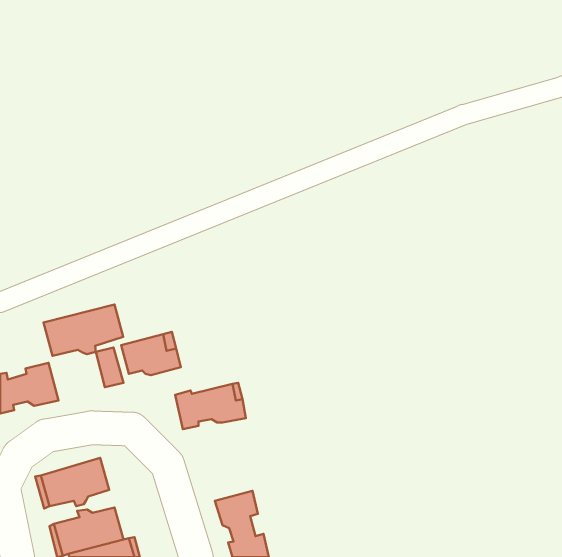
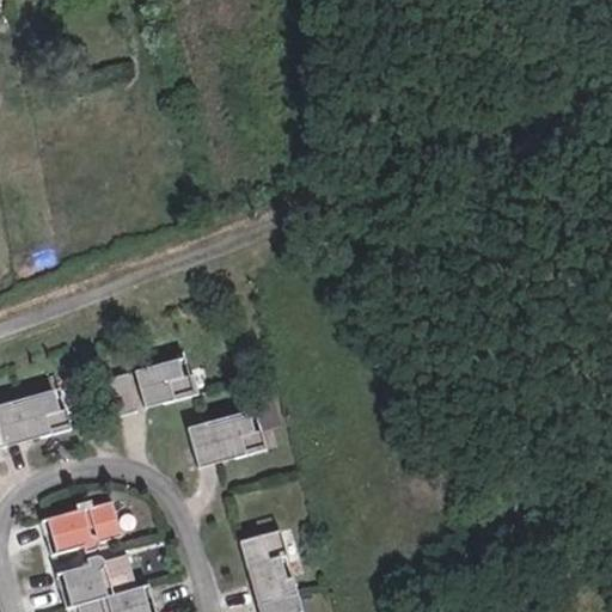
building: [43,305,123,356] -> none

